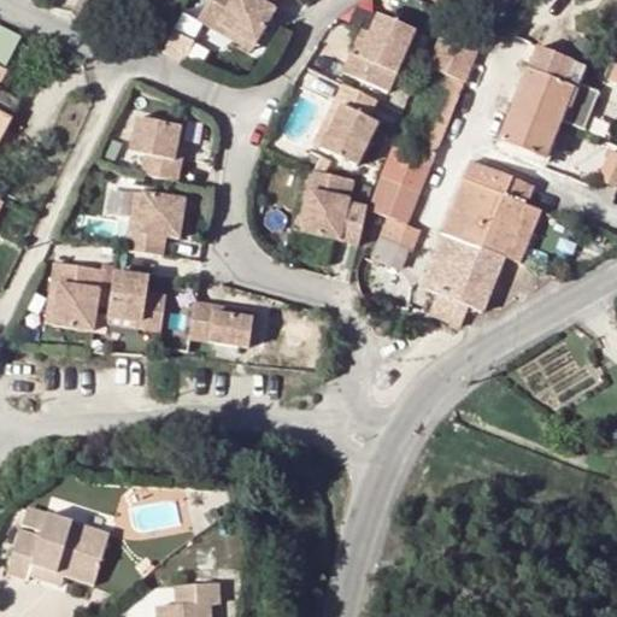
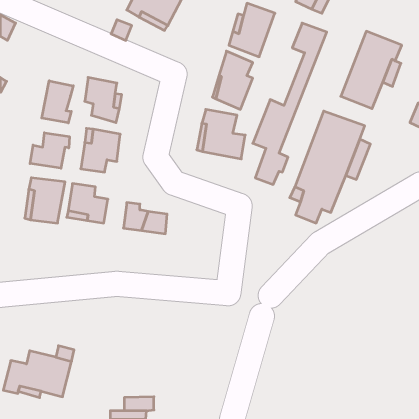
building: none -> [42,81,73,123]
building: none -> [30,133,69,168]

